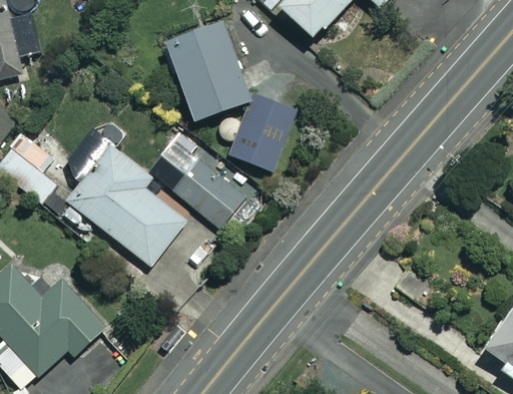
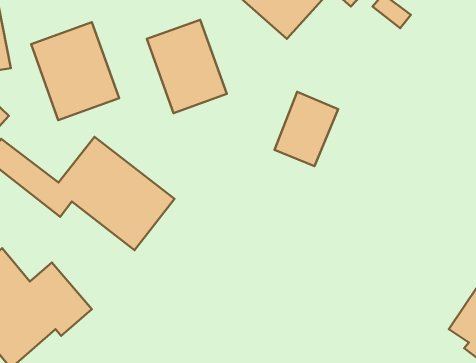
building: none -> [31,22,119,120]
building: [229,93,297,171] -> [274,92,338,166]
building: [149,135,247,227] -> none

